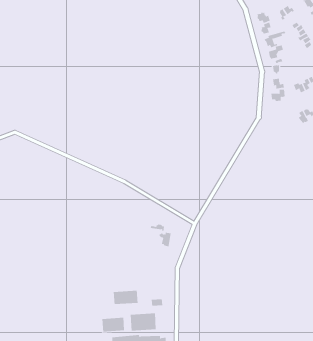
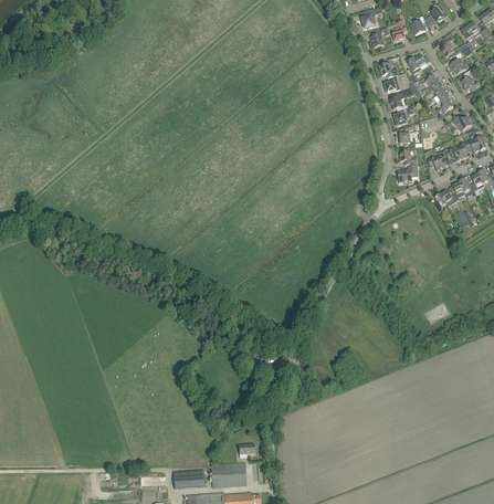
building: [113,290,138,305] -> none

